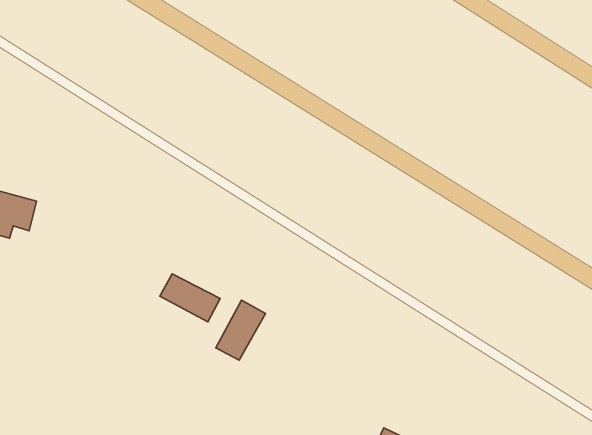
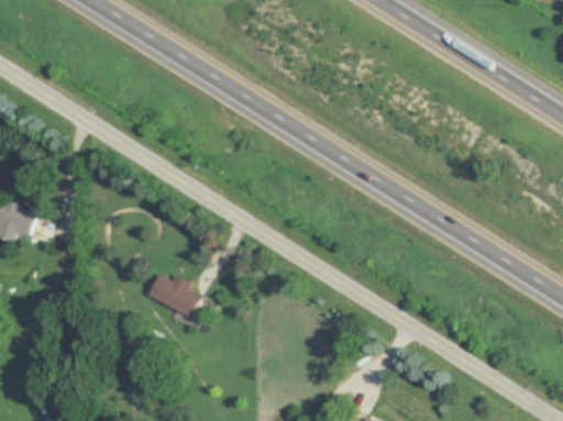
building: [216,300,266,360] -> none

